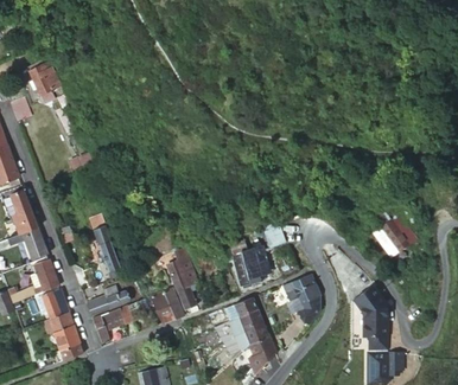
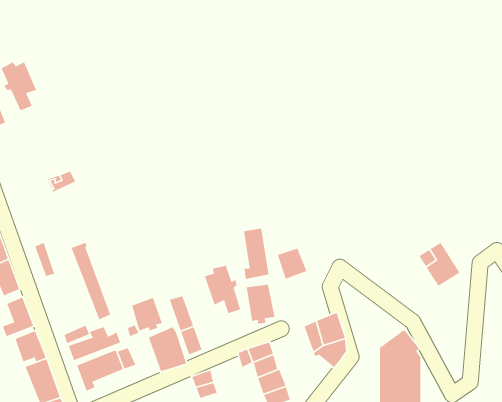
building: none -> [243,228,270,280]
building: none -> [204,265,241,314]
building: none -> [131,297,163,332]

